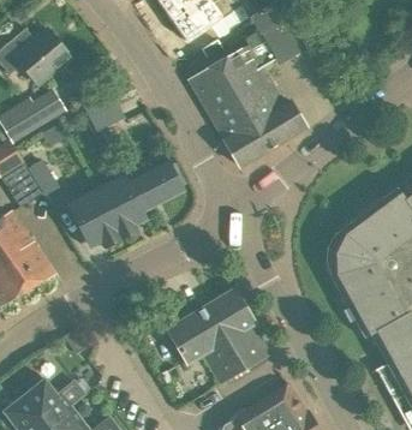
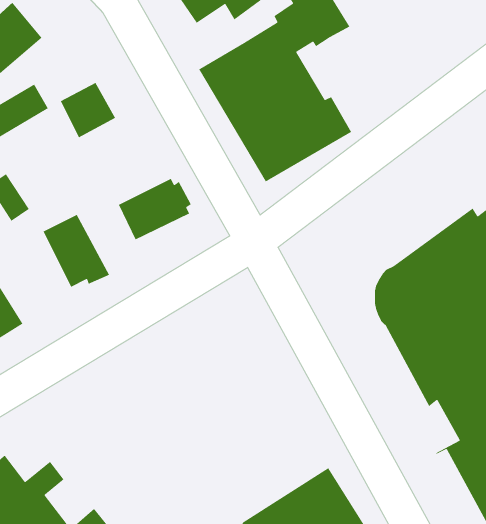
building: [96,177,145,238] -> none
building: [168,292,271,386] -> none

